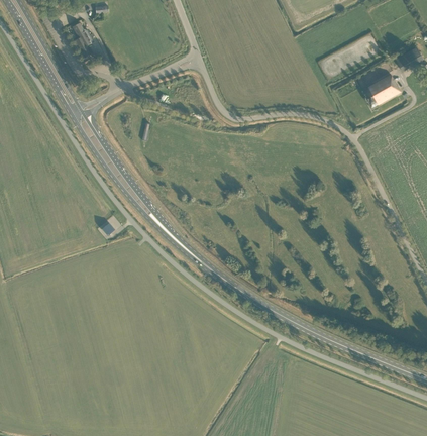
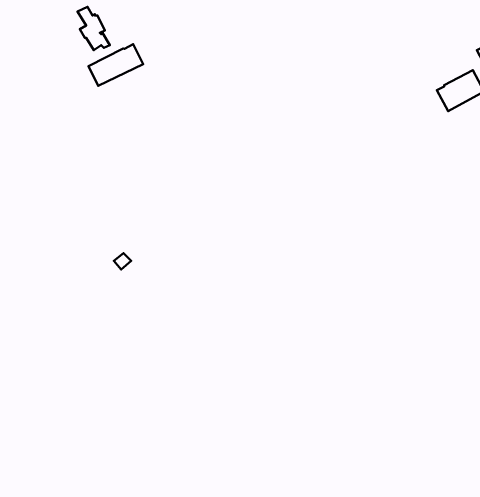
building: none -> [88,44,143,86]

